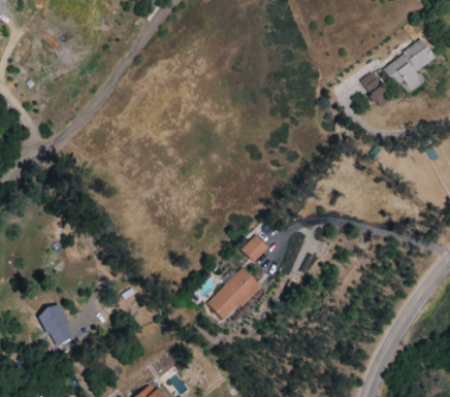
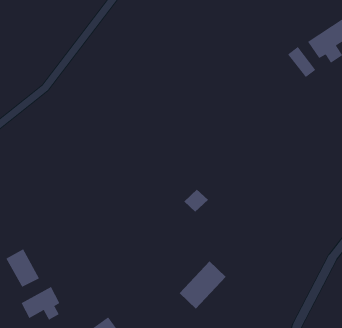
building: [206,266,261,322] -> [179,261,227,309]
building: none -> [21,286,60,320]

